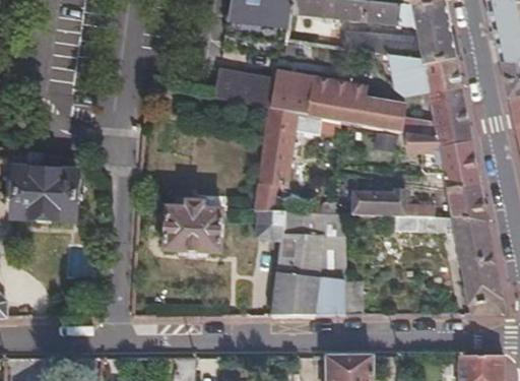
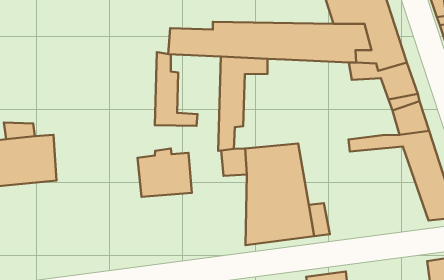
building: none -> [155,52,197,126]
building: [352,188,434,214] -> none

